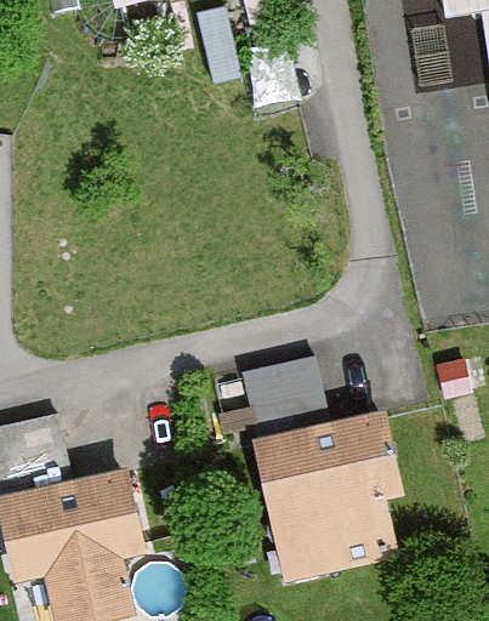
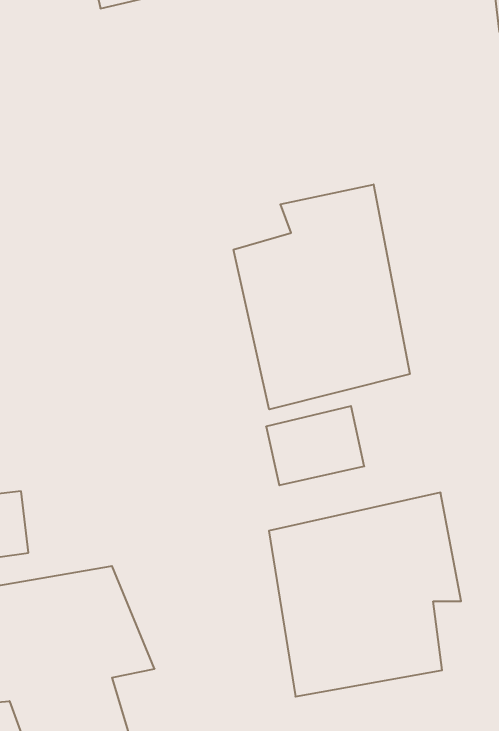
building: none -> [234,184,410,409]

